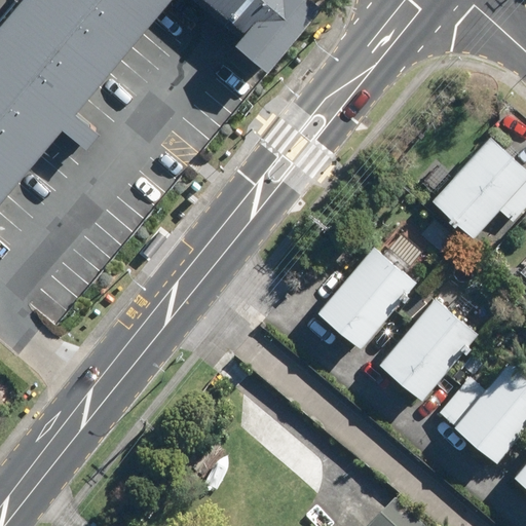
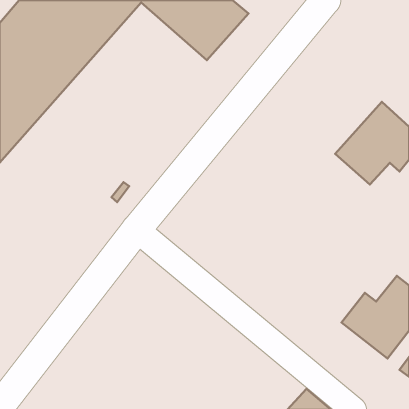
building: [314,241,415,346] -> none
building: [377,293,478,398] -> none

